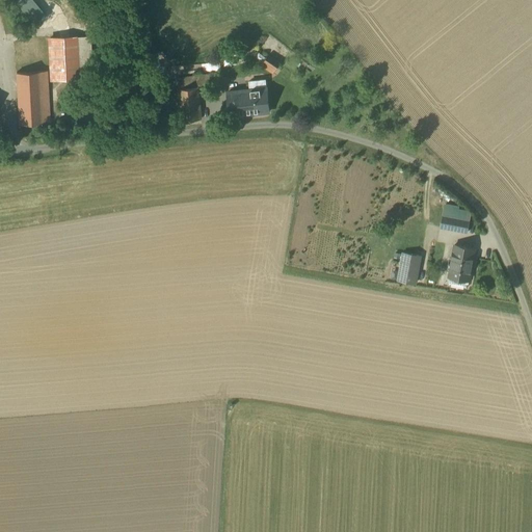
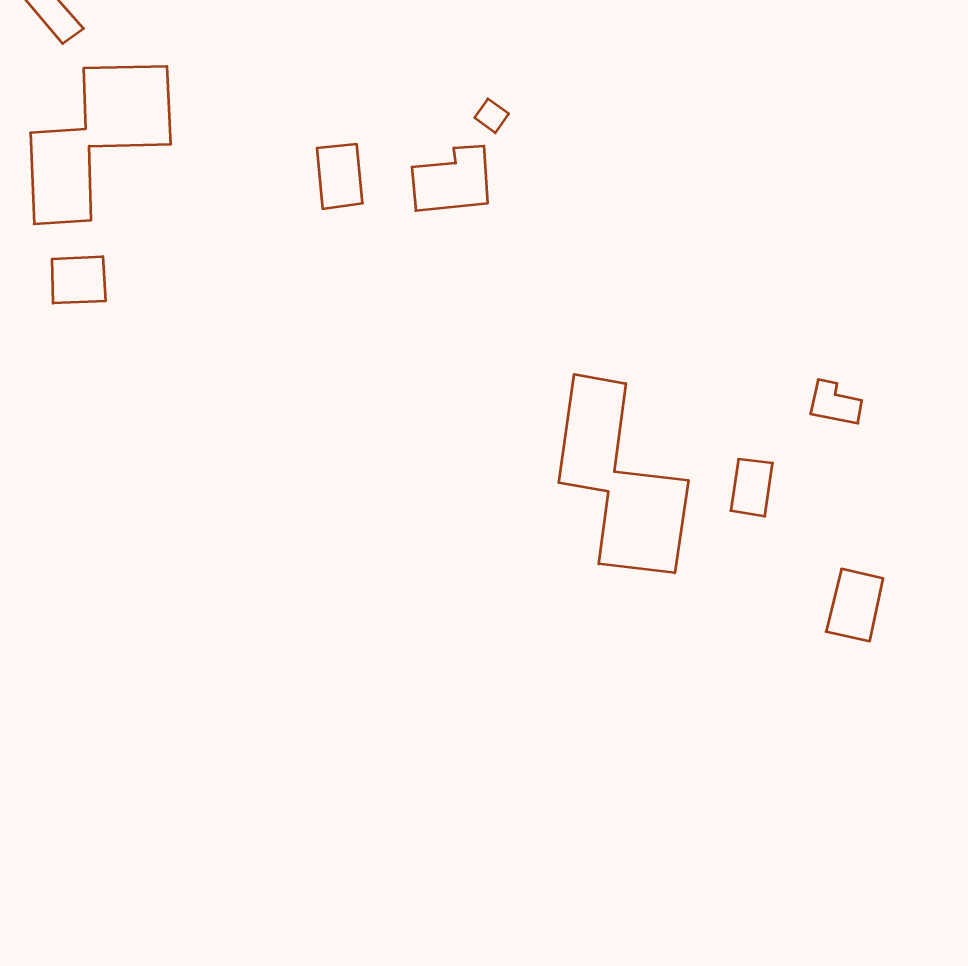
building: none -> [52,256,105,303]
building: none -> [559,374,688,573]
building: [451,244,482,284] -> [826,569,883,641]

